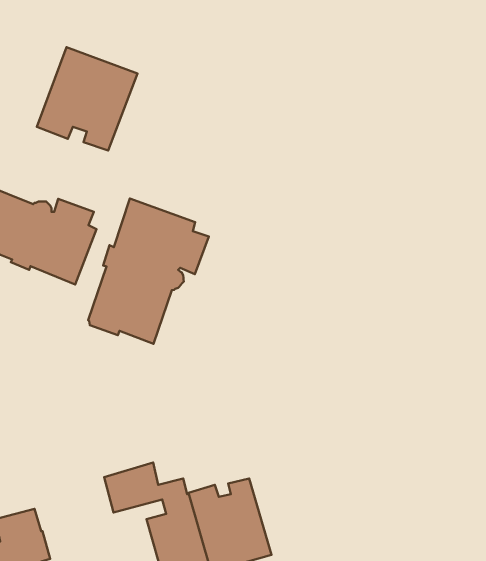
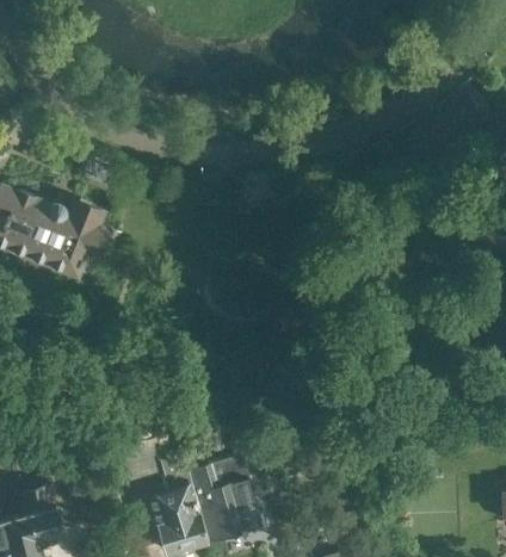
building: [37,47,138,150] -> none
building: [88,198,209,344] -> none

